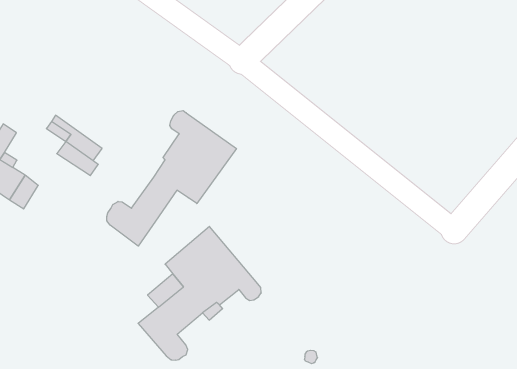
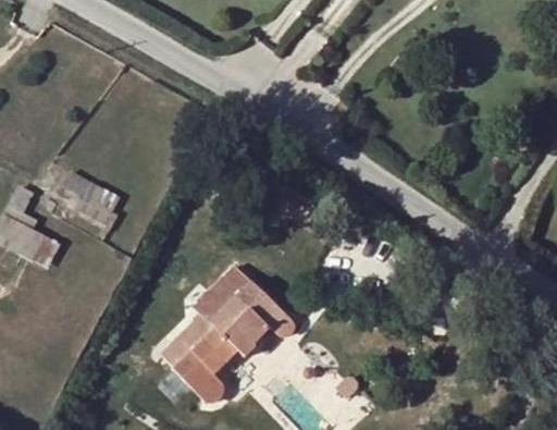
building: [107,111,236,246] -> none

